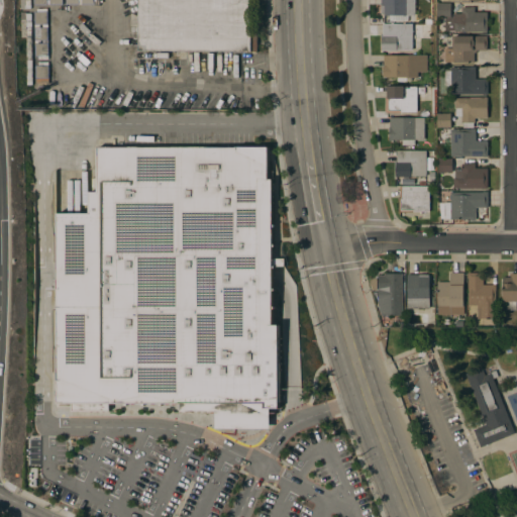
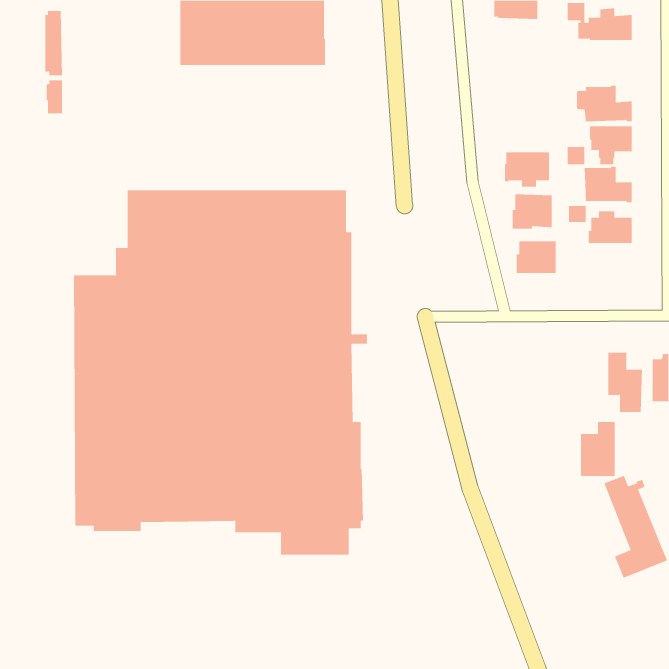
building: [382,23,422,49] -> none
building: [445,35,487,63] -> none
building: [383,55,427,81] -> none
building: [385,85,425,115] -> none
building: [440,191,488,219] -> none
building: [437,272,464,314] -> [580,422,616,477]
building: [370,273,402,315] -> none
building: [407,274,430,308] -> none

